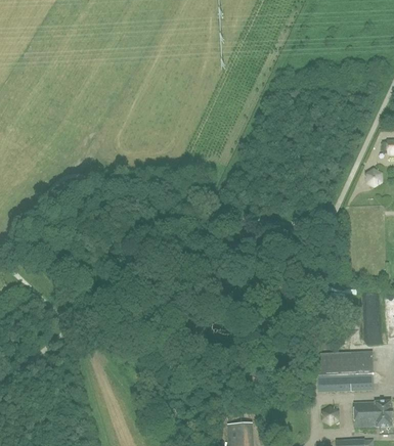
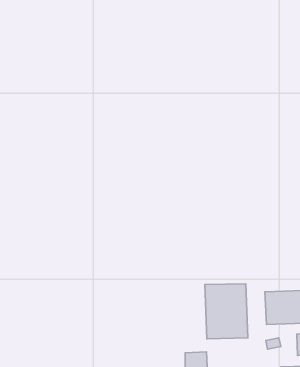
building: none -> [205,284,248,339]

